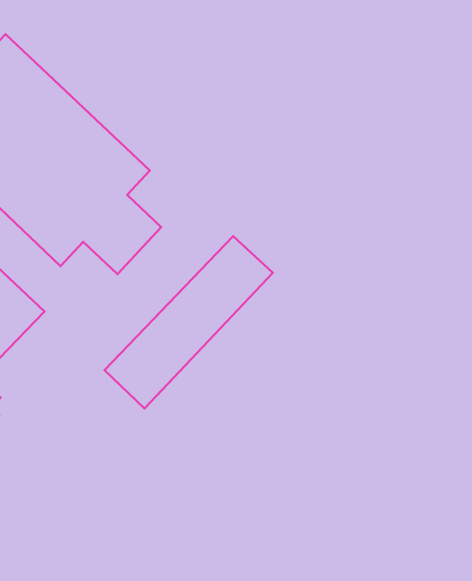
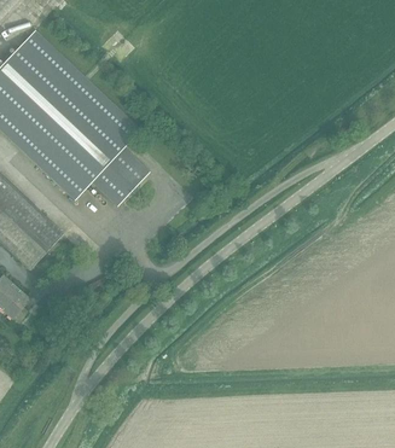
building: [105,236,273,408] -> none

